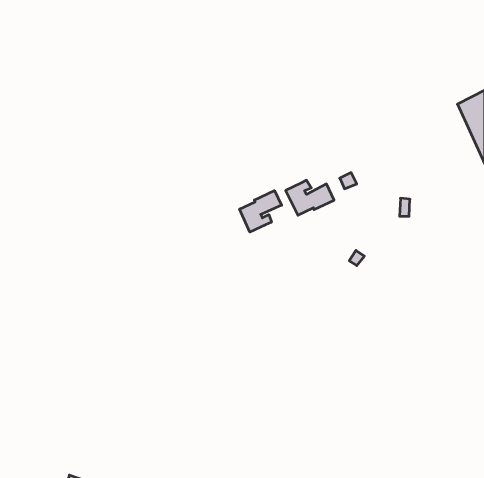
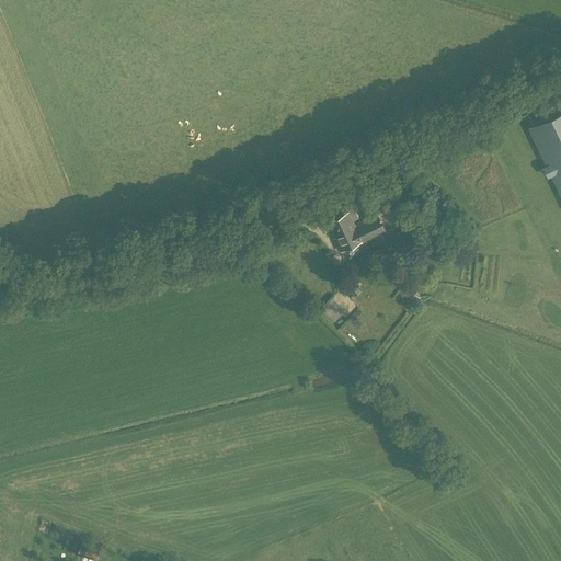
building: [240,191,282,232] -> none

